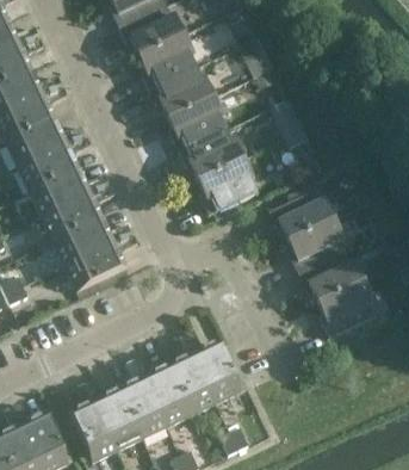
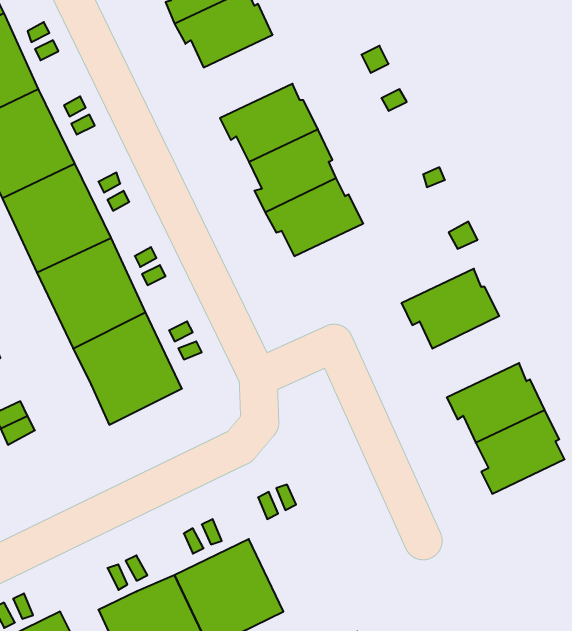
building: [137,35,196,89] -> none
building: [197,159,255,215] -> none
building: [287,219,345,273] -> none
building: [167,342,240,414] -> none

